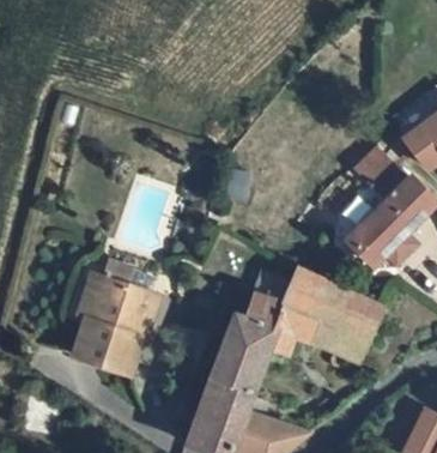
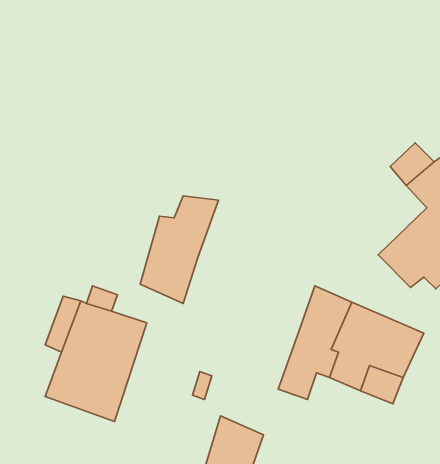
building: [218,298,281,386] -> [140,196,218,303]

